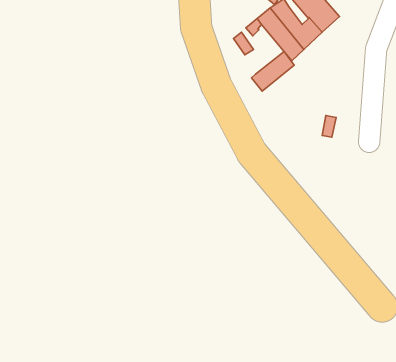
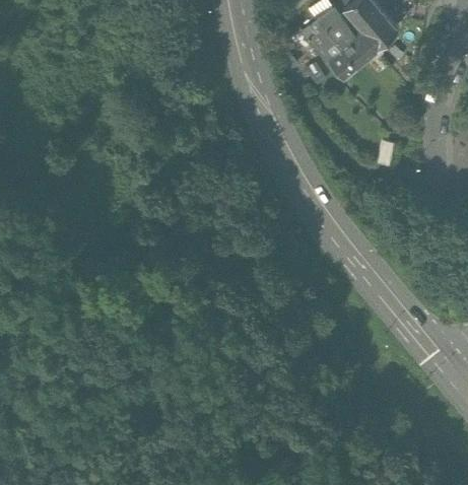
building: [251,52,294,91] -> none

